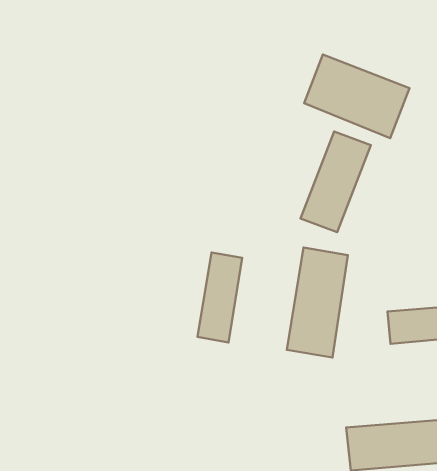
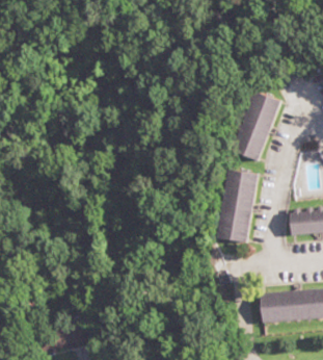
building: [304,55,409,138] -> none
building: [198,253,242,342] -> none

